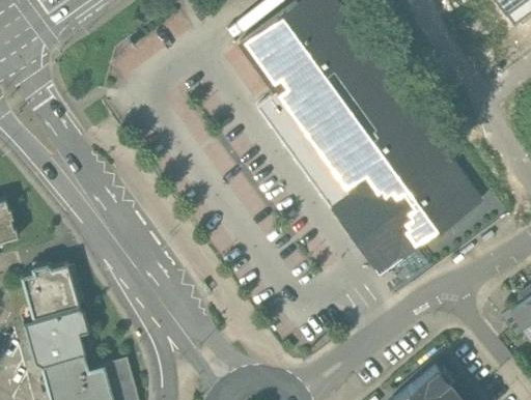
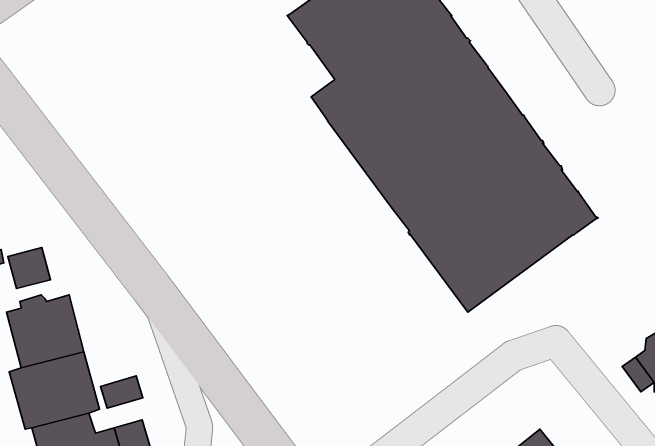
building: none -> [8,248,50,289]
building: none -> [100,376,143,408]

